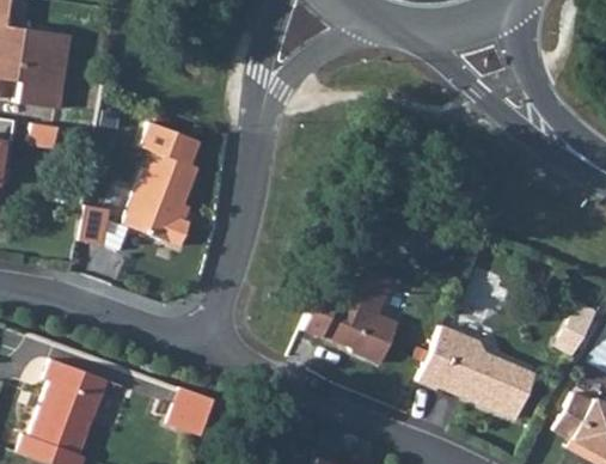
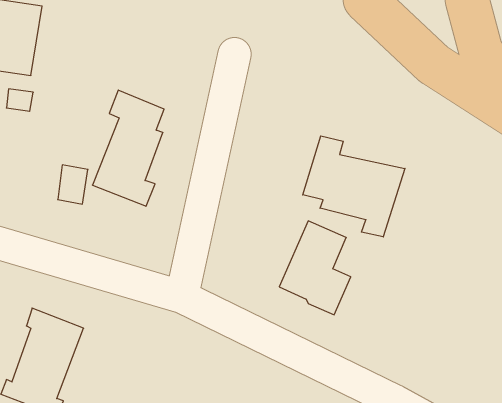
building: none -> [303,136,405,237]
building: [417,326,533,421] -> none
building: [173,387,218,435] -> none

